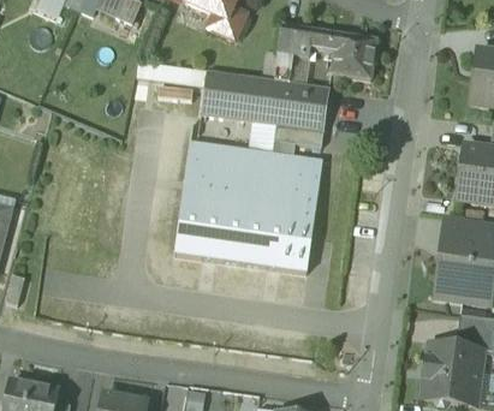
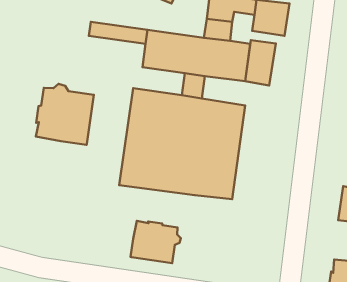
building: none -> [245,40,276,85]
building: none -> [36,84,94,145]
building: none -> [130,221,181,263]

